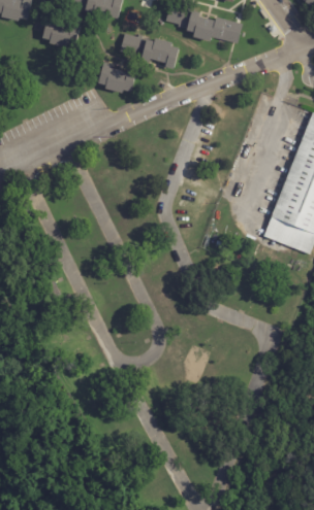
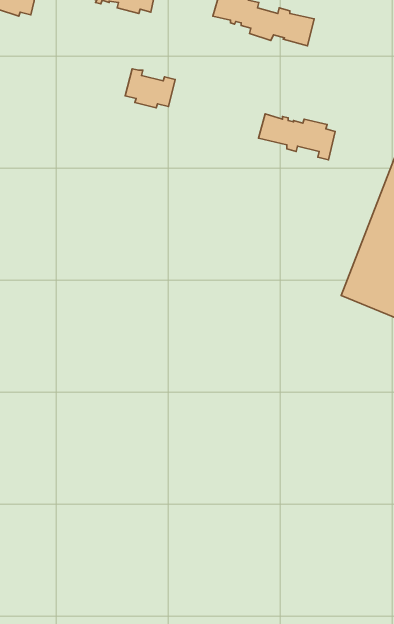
building: [42,18,81,47] -> none
building: [120,34,179,69] -> [258,114,335,160]

